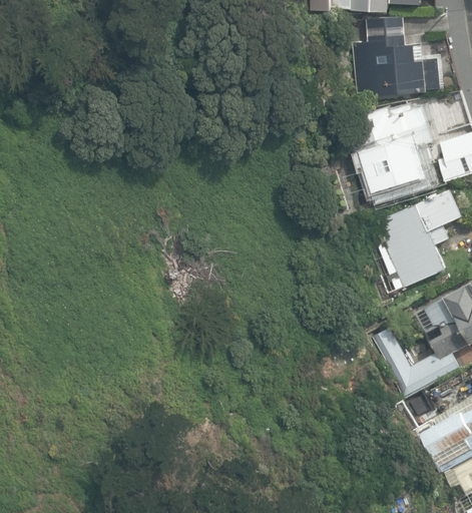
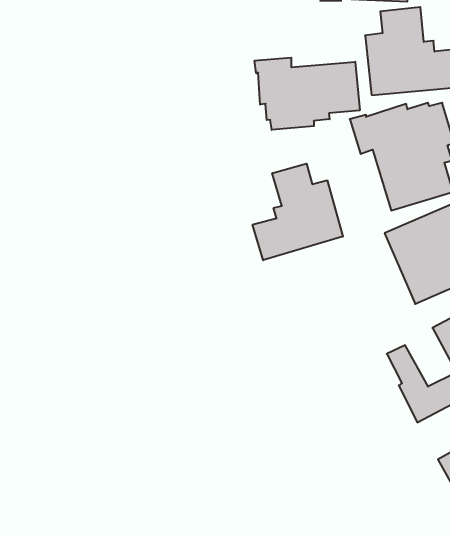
building: none -> [255,58,360,130]
building: none -> [253,164,343,260]

